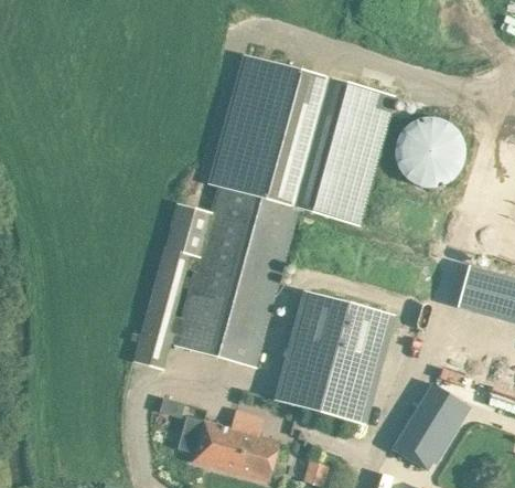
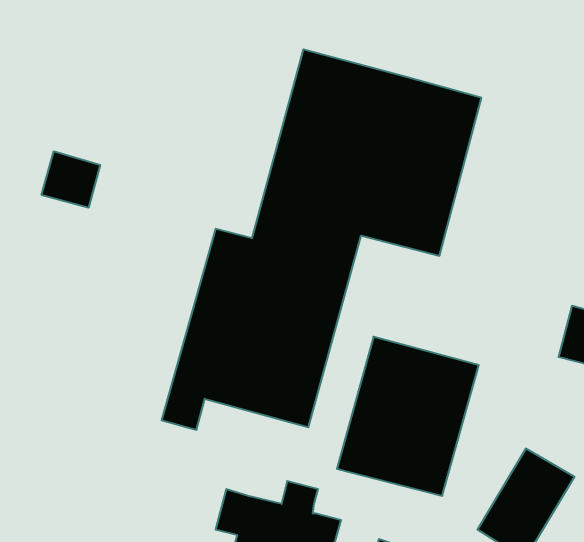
building: [394,116,463,185] -> none
building: none -> [42,151,100,208]

